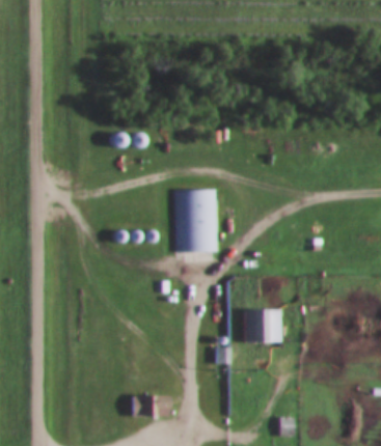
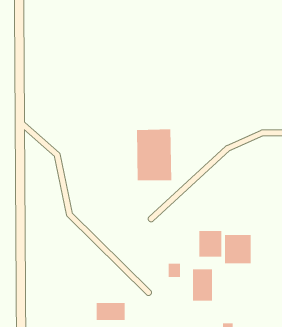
building: none -> [224,234,251,264]
building: none -> [192,269,213,301]

